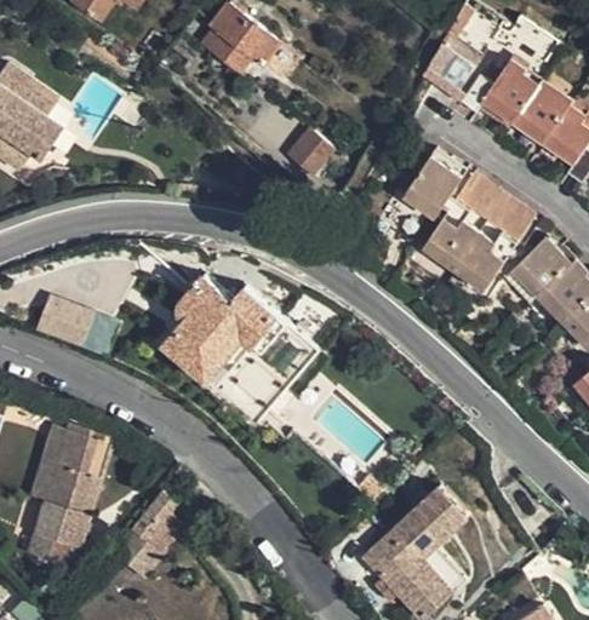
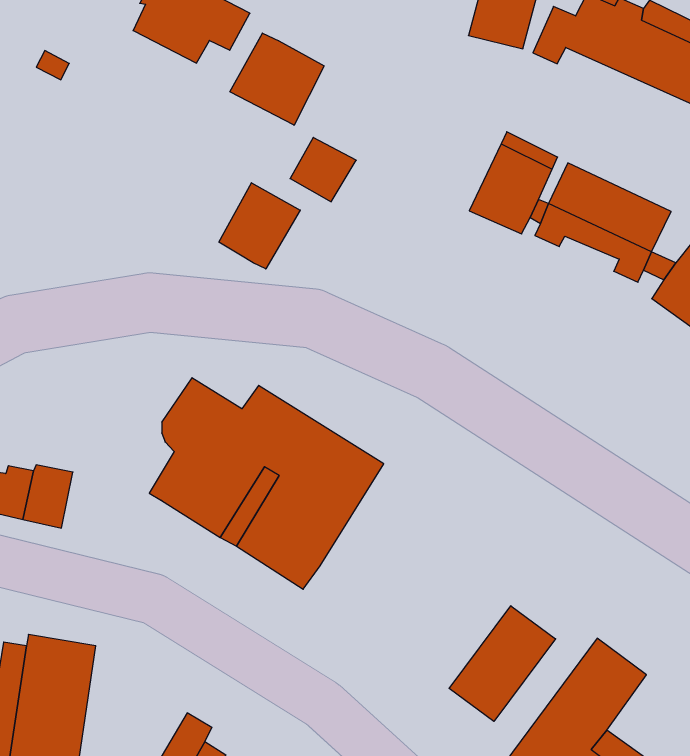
building: none -> [230,33,324,125]
building: none -> [219,183,300,269]
building: [419,219,502,291] -> none
building: none -> [449,606,556,721]

